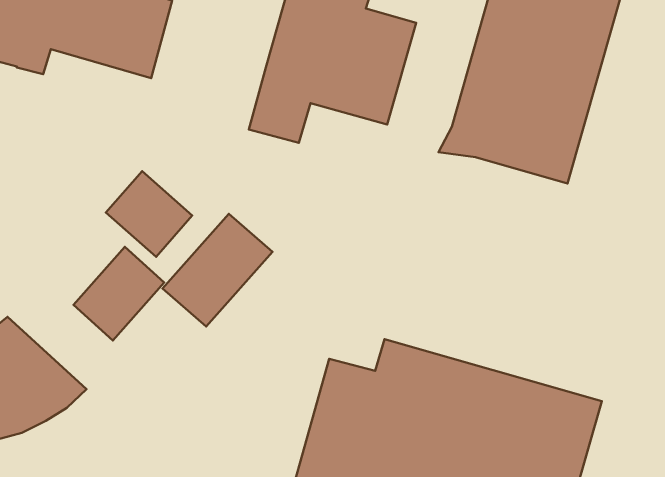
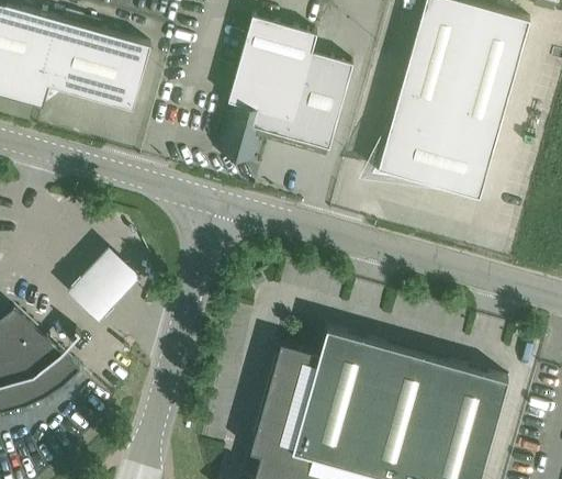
building: [106,171,192,257] -> none
building: [162,214,272,327] -> none

